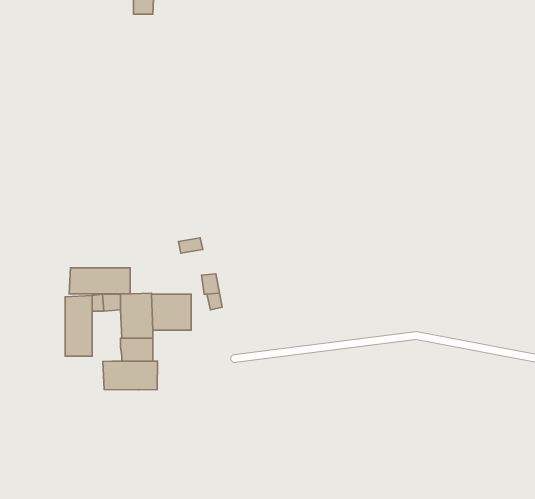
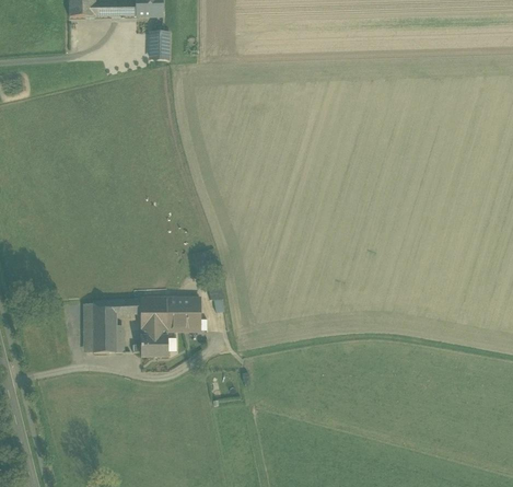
building: [69,268,130,294] -> none
building: [103,361,158,390] -> none

